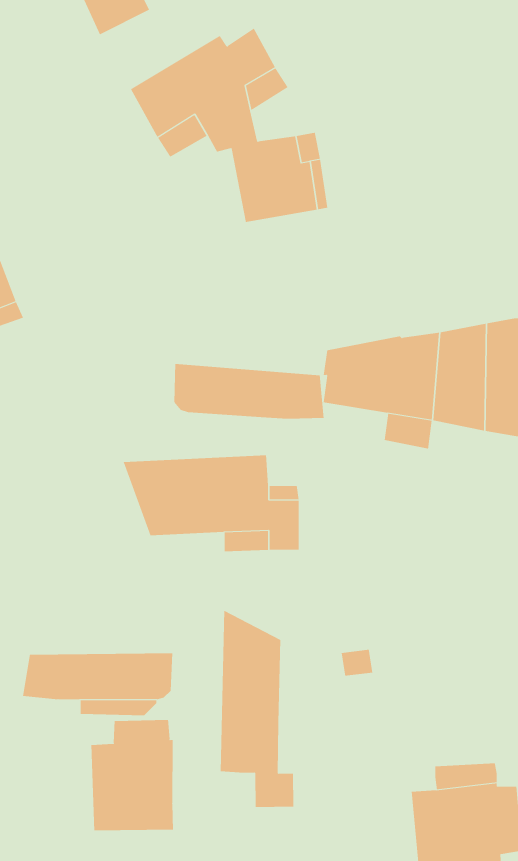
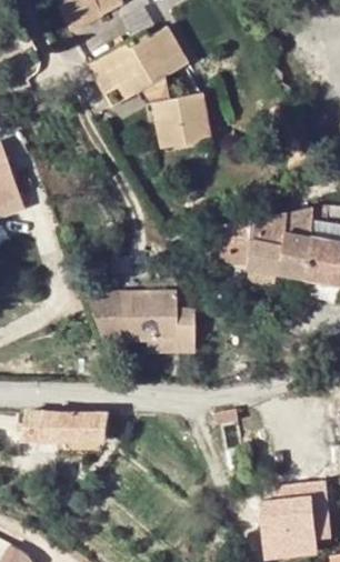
building: [174,363,324,420] -> none
building: [220,610,294,808] -> none
building: [91,719,174,831] -> none

